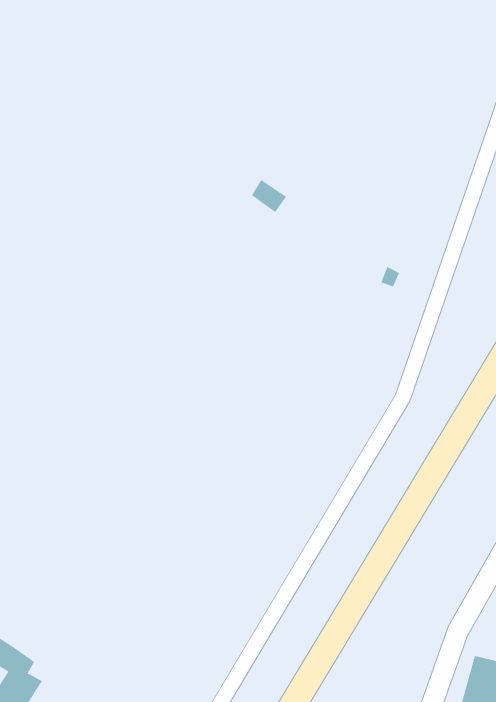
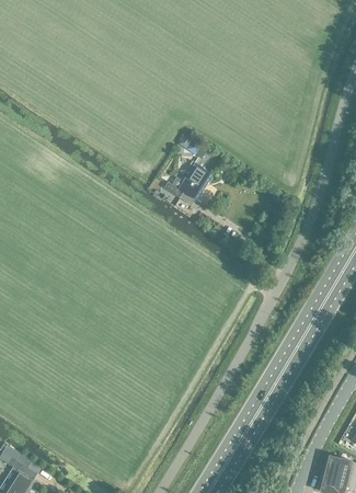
building: none -> [163,161,210,198]

